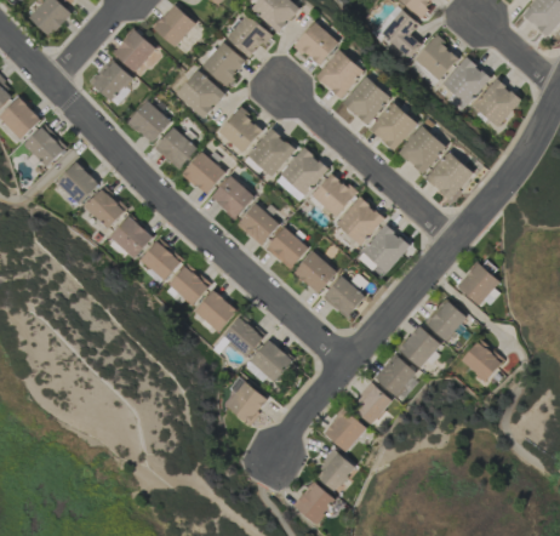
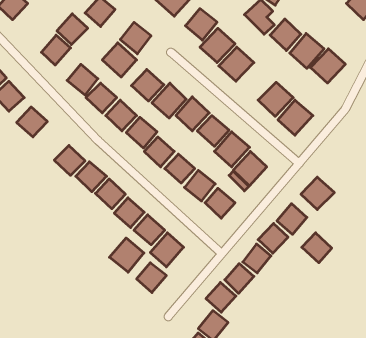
building: [227,15,272,58] -> none
building: [368,102,418,152] -> none
building: [84,187,127,229] -> none
building: none -> [109,238,144,272]

